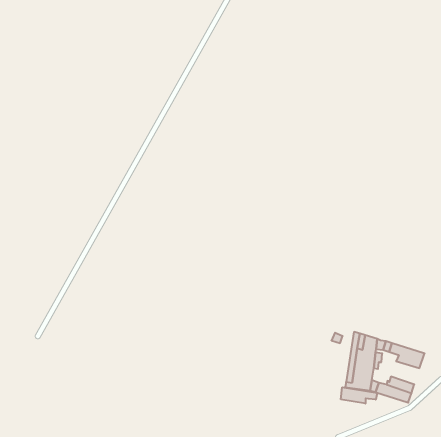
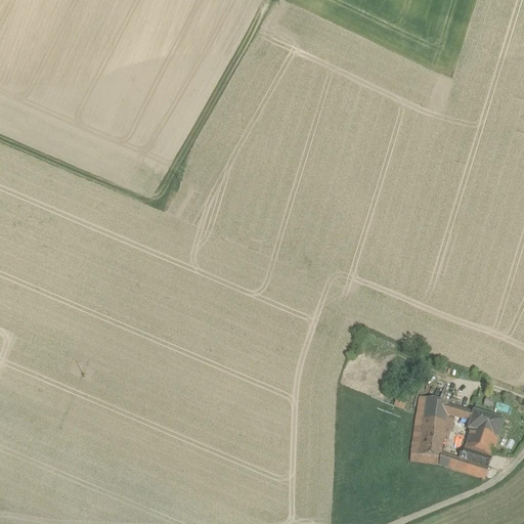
building: none -> [464,429,497,456]
building: [341,387,377,404] -> none

